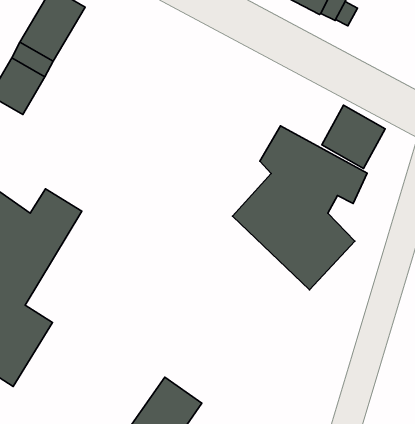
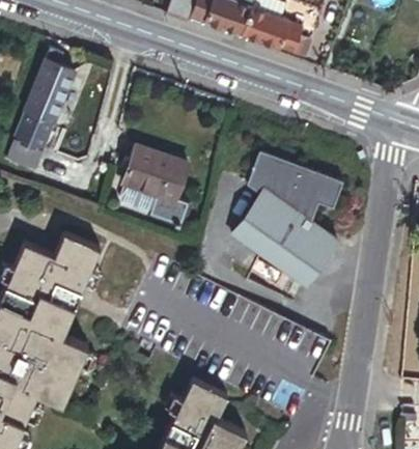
building: [322,105,385,168] -> none
building: none -> [120,152,192,236]

